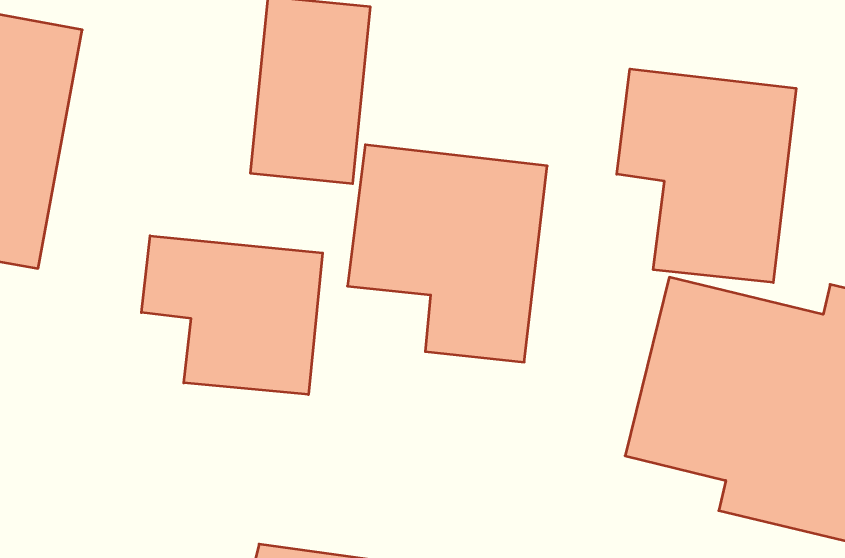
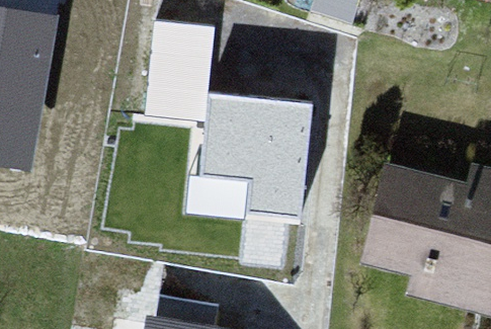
building: [617,69,796,283] -> none
building: [141,236,323,395] -> none

